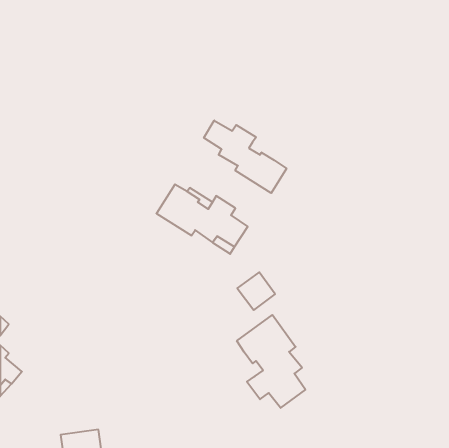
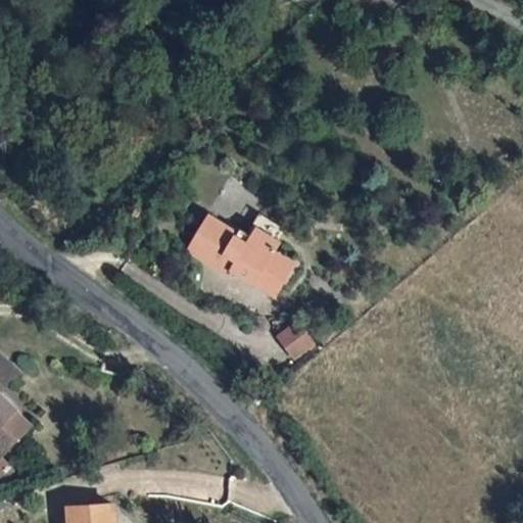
building: [204,120,286,193] -> none
building: [237,315,305,408] -> none

